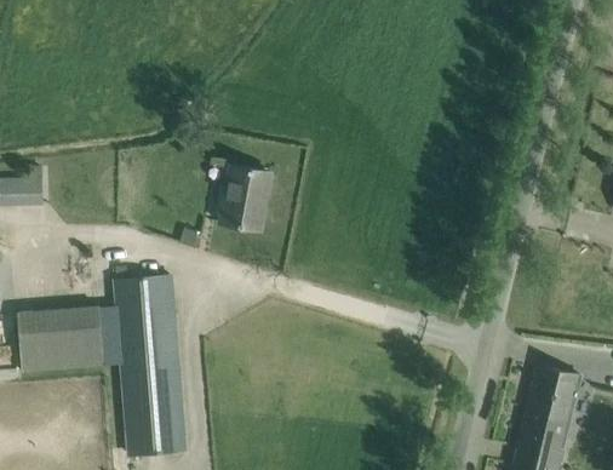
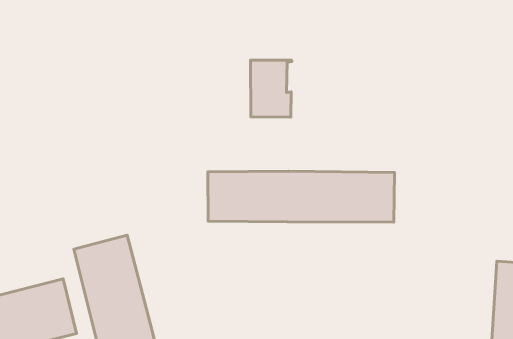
building: [220,166,271,230] -> [251,60,292,117]
building: none -> [208,171,395,222]

